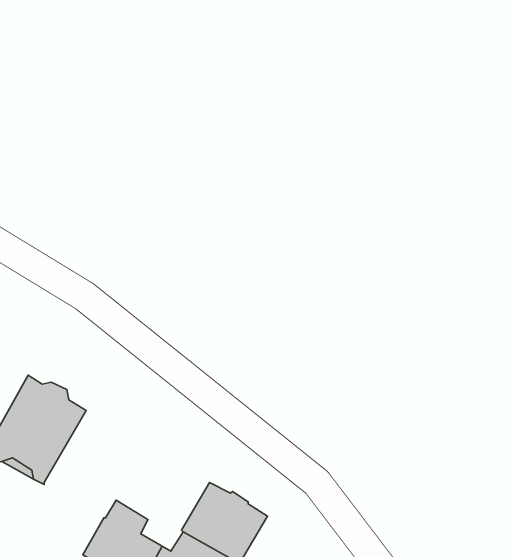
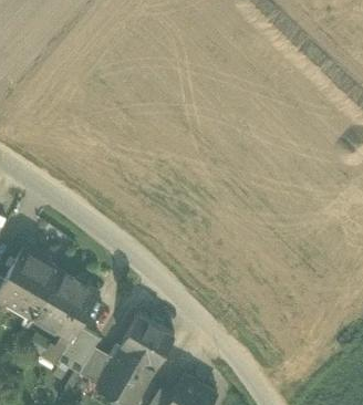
building: none -> [33,271,98,339]

